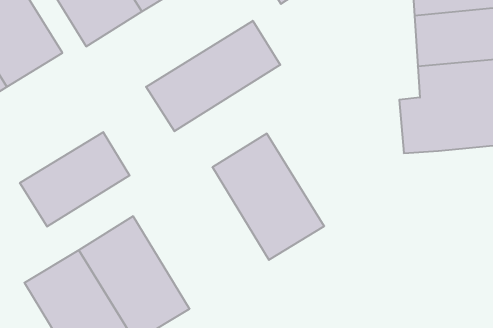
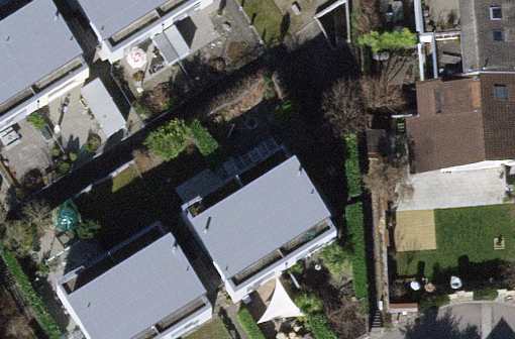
building: [146,21,280,131] -> none
building: [20,132,130,227] -> none
building: none -> [184,179,287,296]

